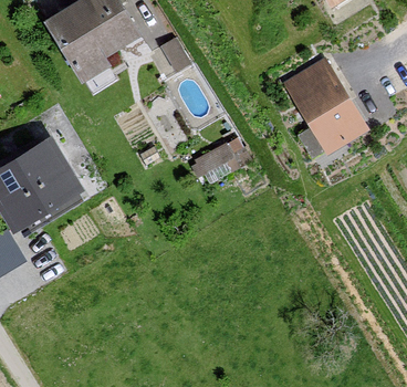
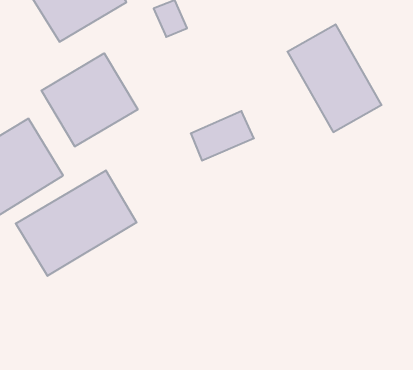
building: none -> [41,53,138,147]
building: none -> [16,170,137,276]

